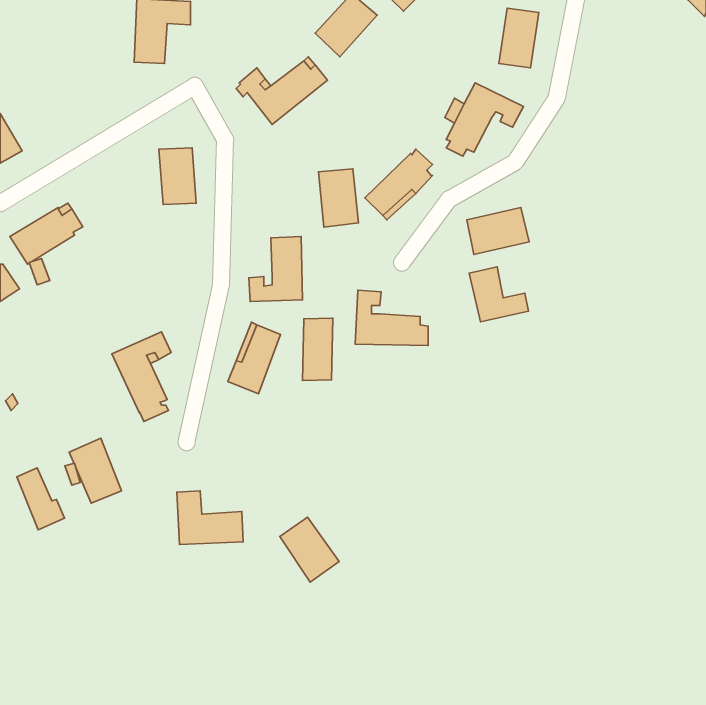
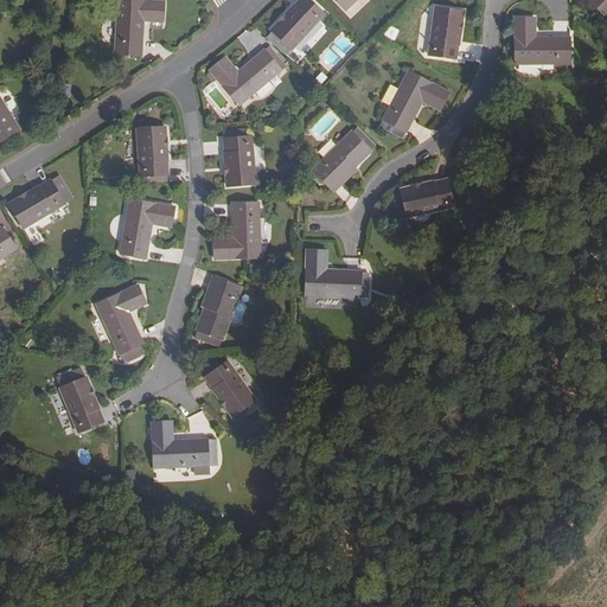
building: none -> [515,18,570,64]
building: [318,169,358,227] -> [222,136,256,186]
building: none -> [121,198,174,256]
building: [469,267,529,322] -> none
building: [303,318,333,381] -> none
building: [17,468,65,530] -> none
building: [280,517,339,582] -> [204,360,255,416]

